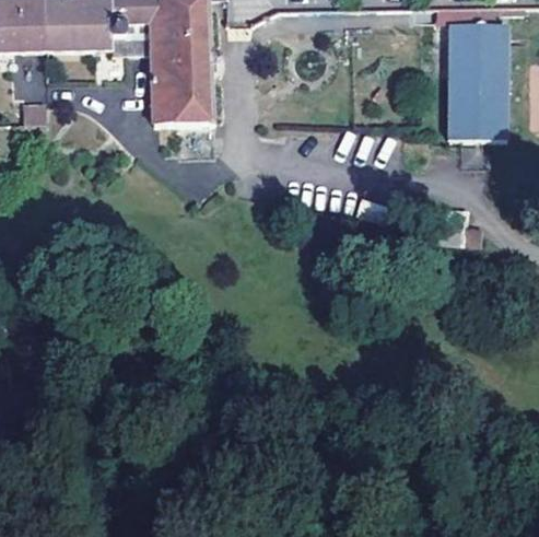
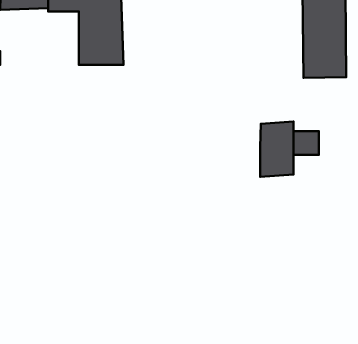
building: none -> [260,122,294,177]

